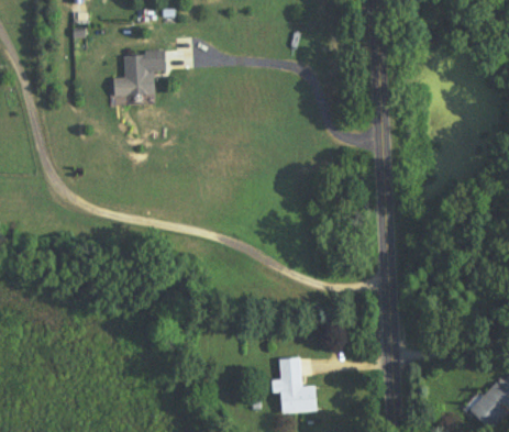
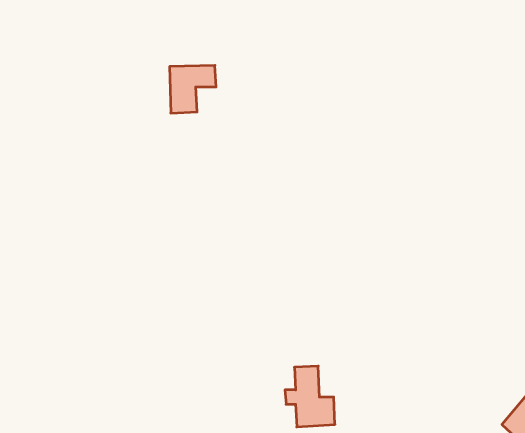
building: [123,52,166,96] -> [170,65,216,113]

